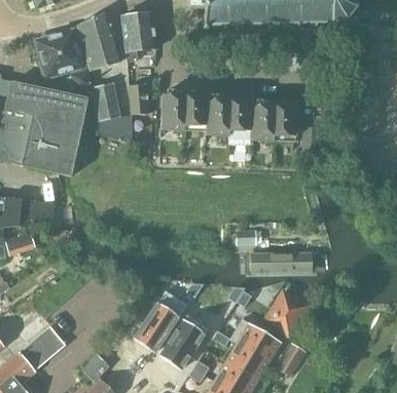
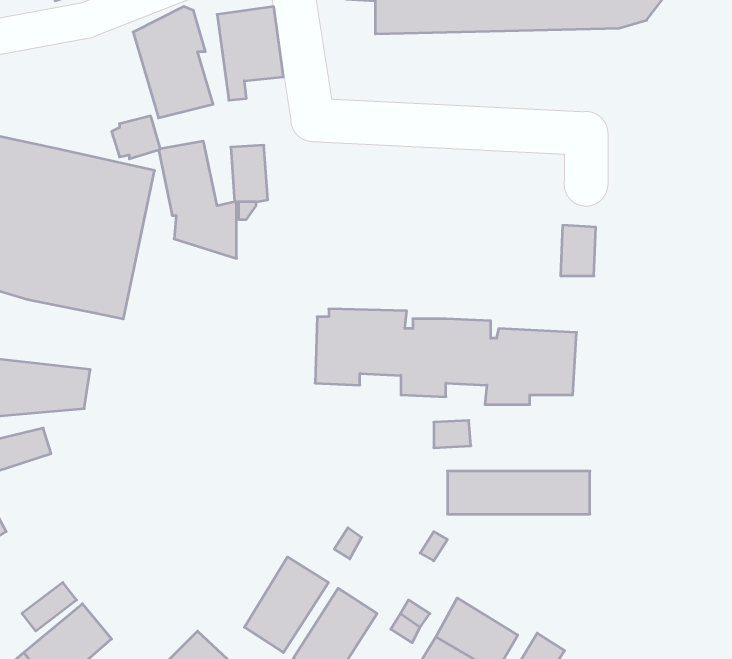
building: [37,31,81,75] -> none
building: [160,89,298,140] -> [315,309,577,405]
building: [265,291,306,336] -> none

